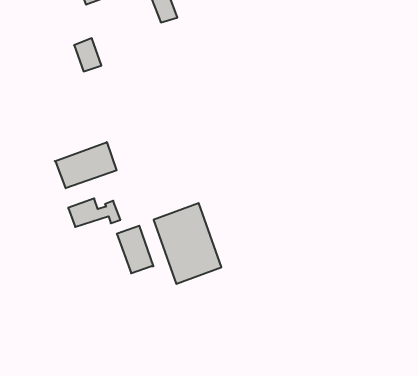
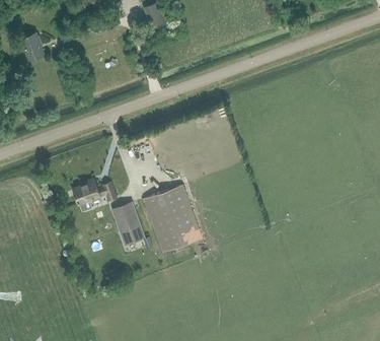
building: [74,38,101,71] -> [20,32,44,61]
building: [55,142,117,188] -> none

